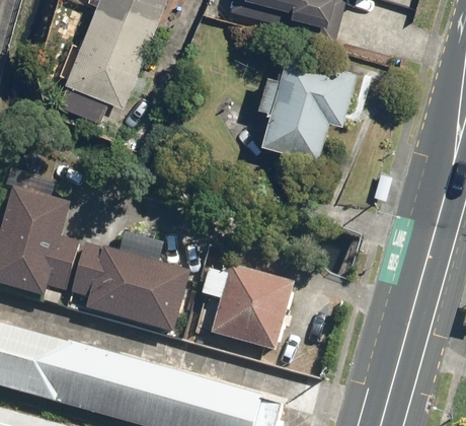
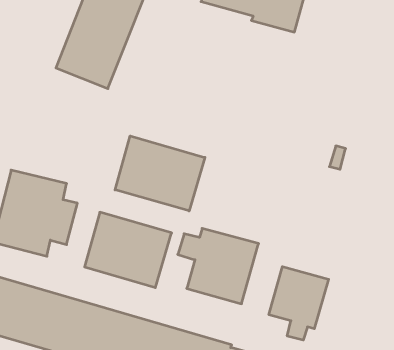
building: [257,50,358,156] -> none
building: none -> [115,136,205,211]
building: none -> [269,267,329,340]

